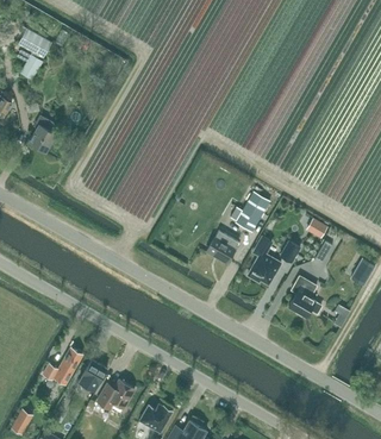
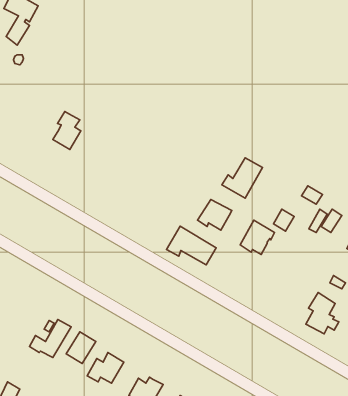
building: [27,115,55,152] -> [53,111,81,149]
building: none -> [166,226,216,265]
building: [287,277,319,318] -> [306,292,339,334]

